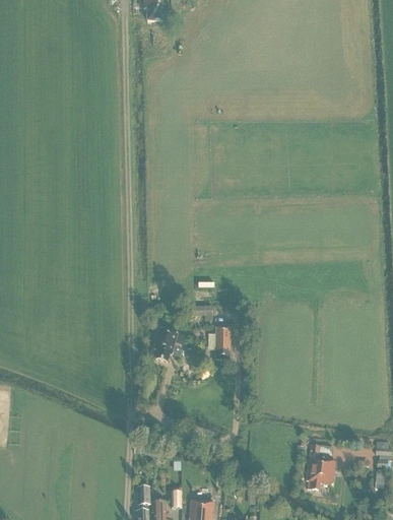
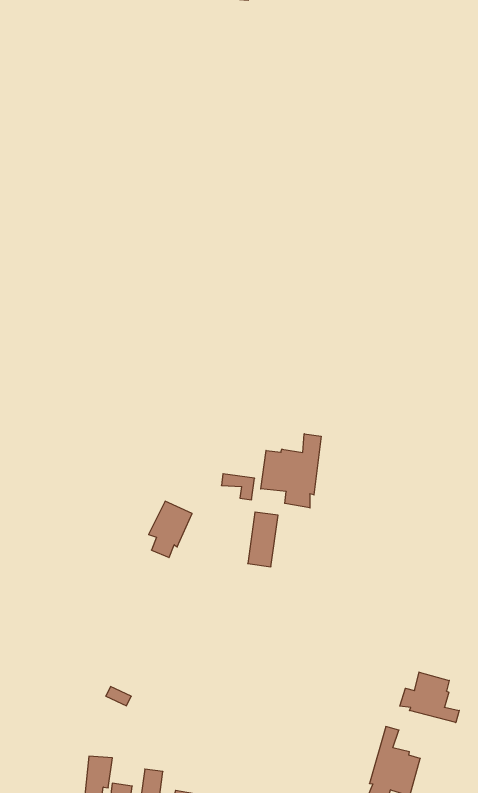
building: none -> [261,434,321,508]
building: none -> [400,672,459,723]

